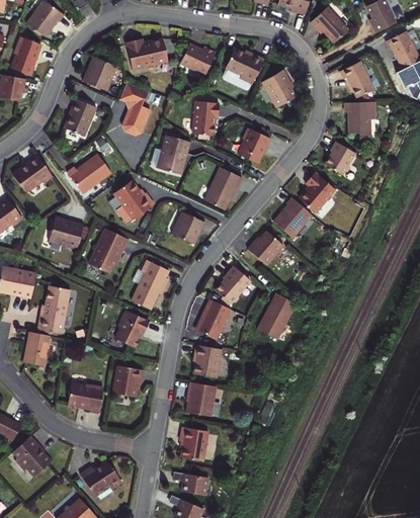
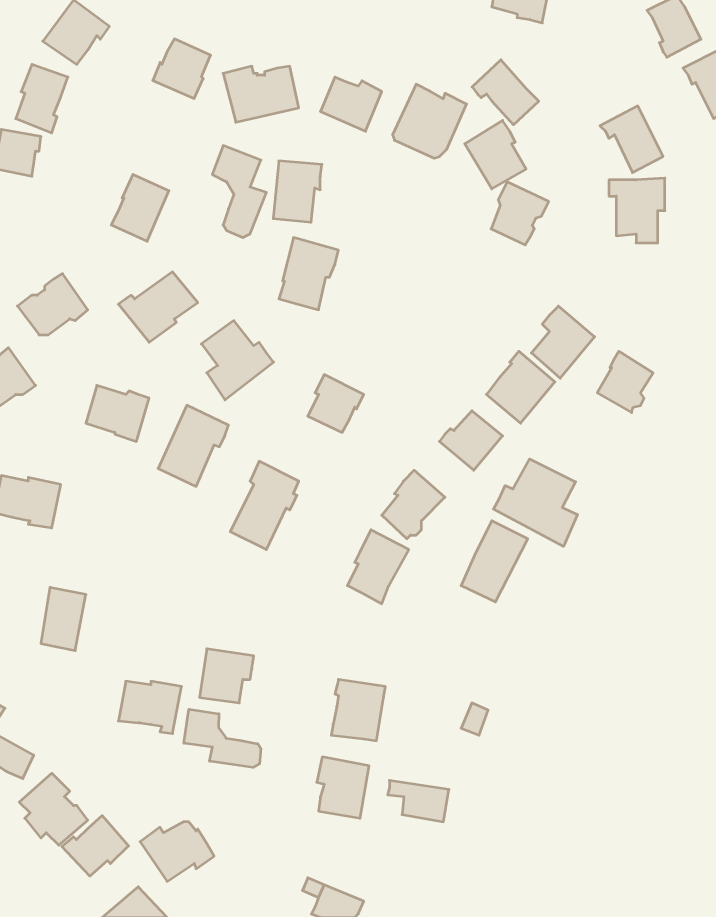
building: [311,6,348,42] -> [472,60,539,125]
building: [85,58,117,91] -> [153,39,211,98]
building: [193,100,221,135] -> [273,161,322,222]
building: [237,126,269,162] -> [491,182,549,245]
building: [324,142,355,176] -> [597,351,653,413]
building: [204,166,243,209] -> none
building: none -> [493,459,577,546]
building: [38,285,69,334] -> none
building: [116,310,150,347] -> none
building: [194,345,223,378] -> none
building: none -> [184,709,261,767]
building: none -> [62,816,129,876]
building: [174,471,208,495] -> [388,780,449,822]

